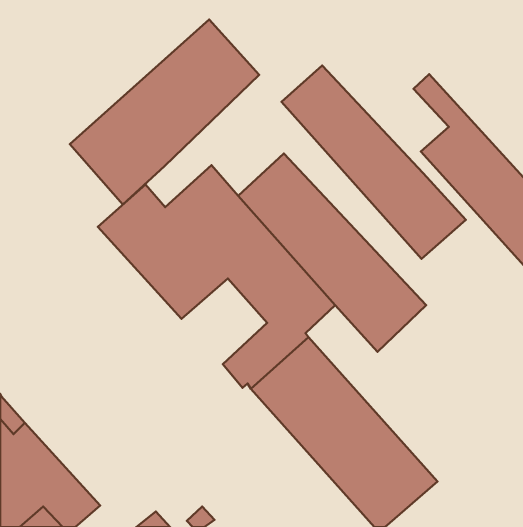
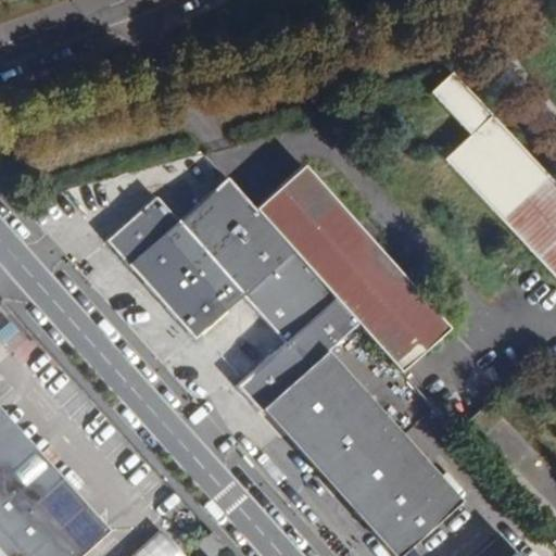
building: [70,20,259,205] -> none
building: [282,66,466,259] -> none

